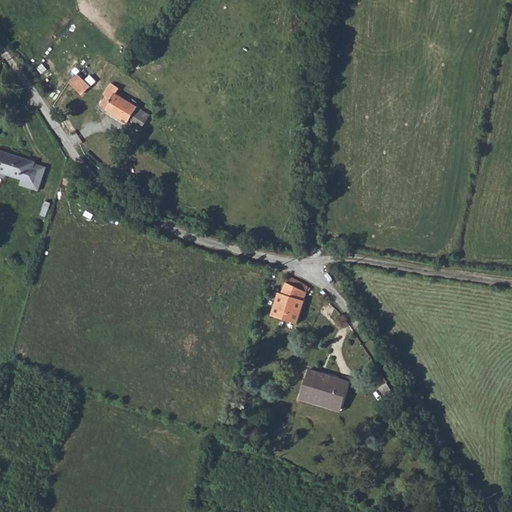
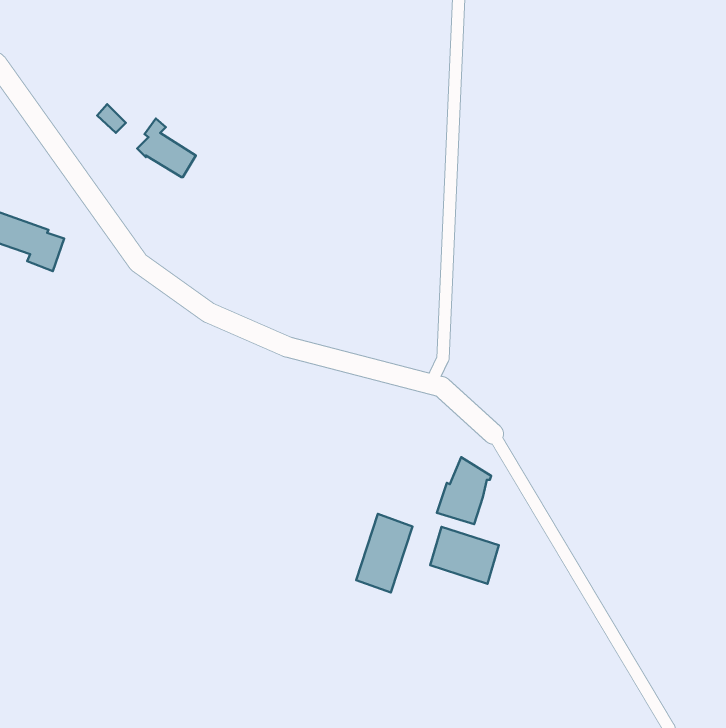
building: [270,275,308,322] -> [437,457,491,524]
building: none -> [356,514,412,593]

